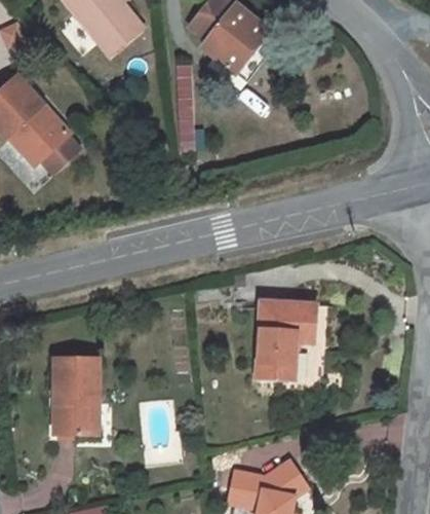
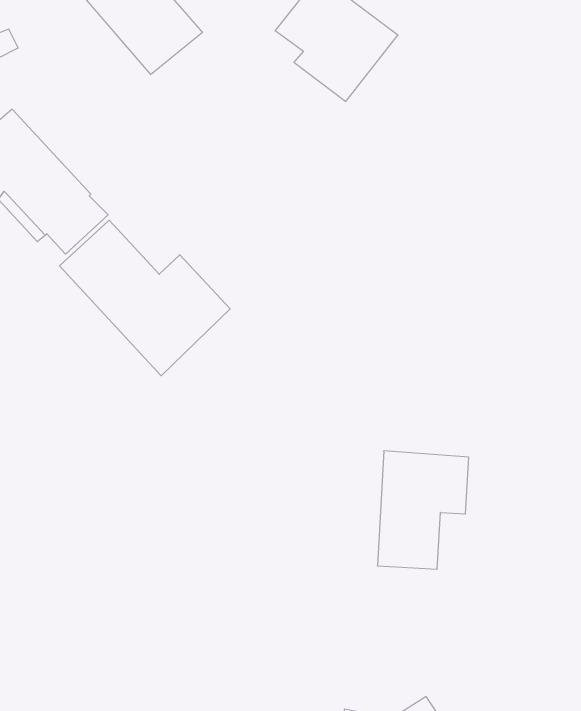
building: none -> [59,220,230,376]
building: [55,360,99,434] -> none

